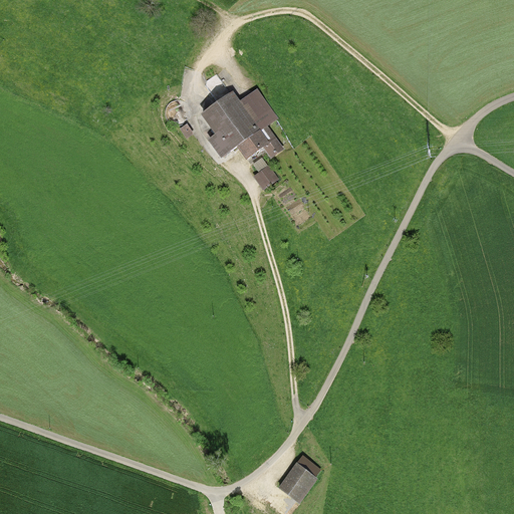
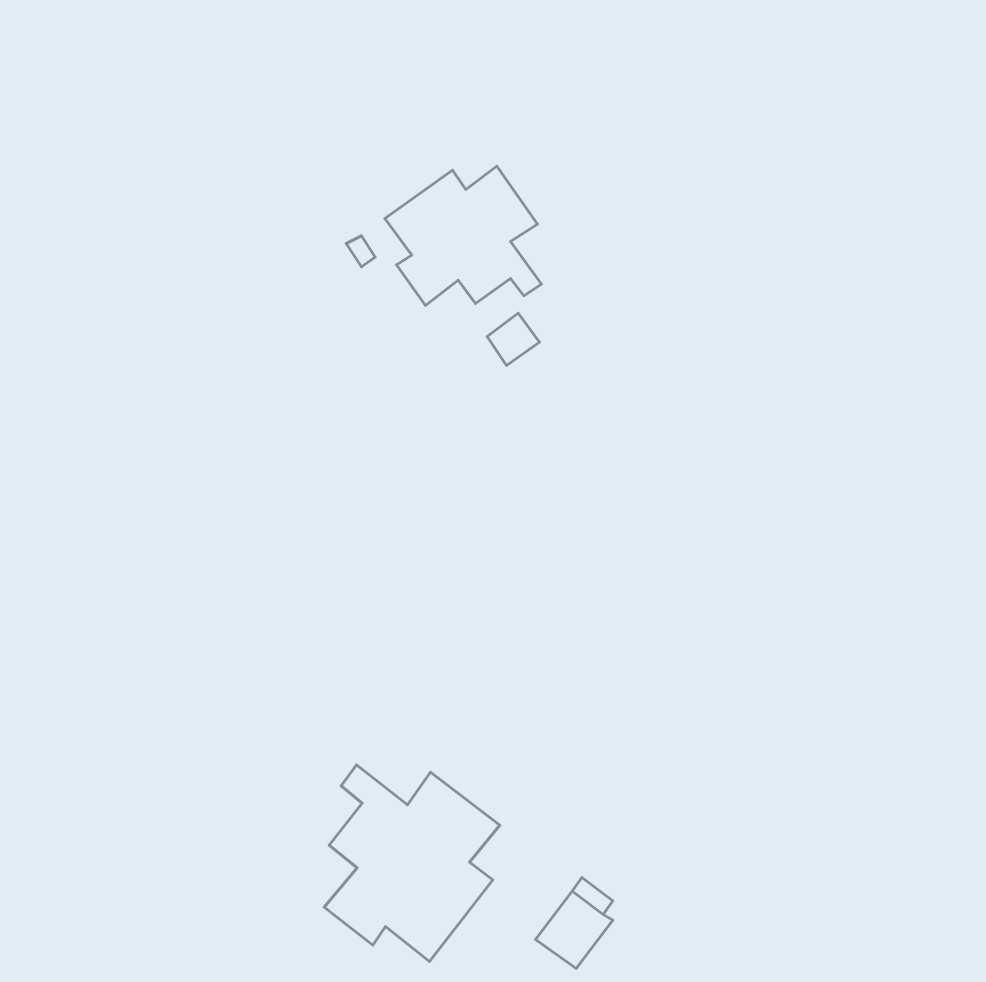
building: none -> [324,765,500,961]

